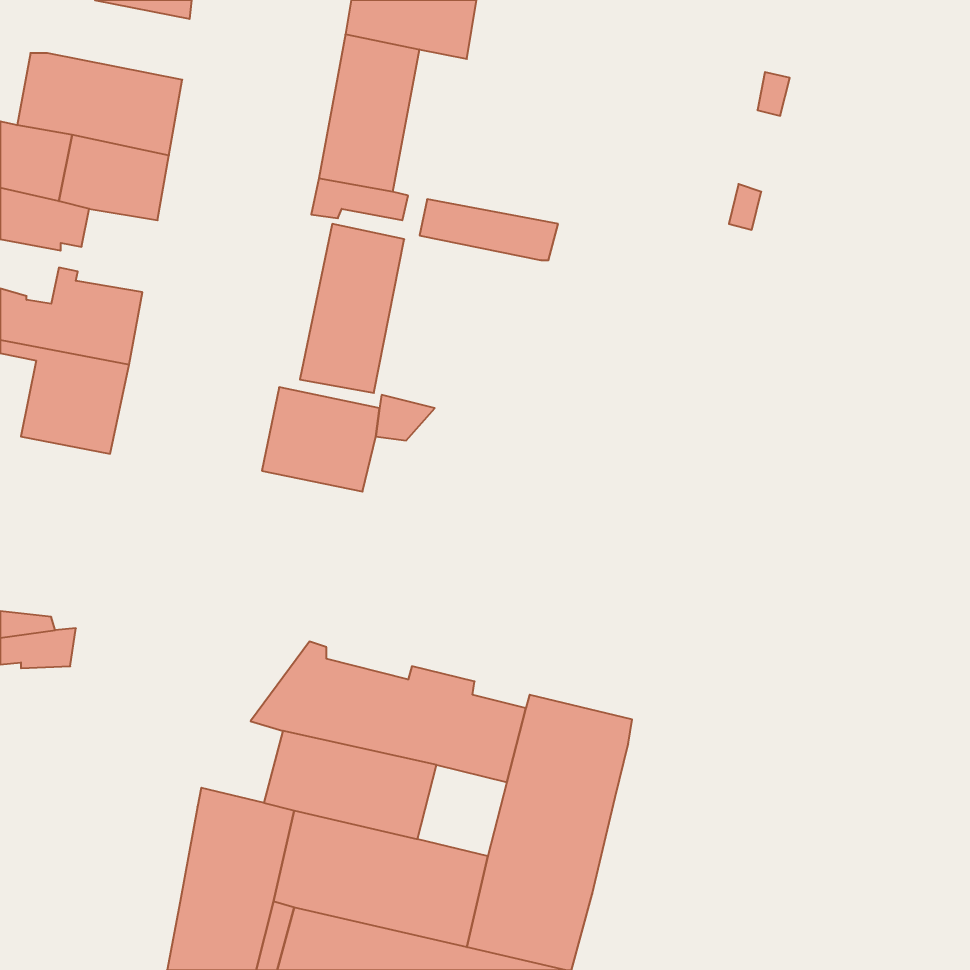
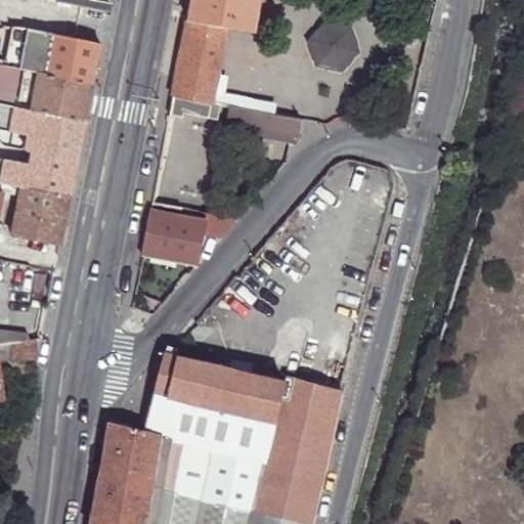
building: none -> [306,19,359,71]
building: none -> [41,113,85,158]
building: none -> [225,412,273,462]

